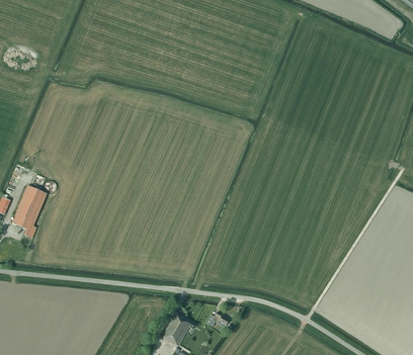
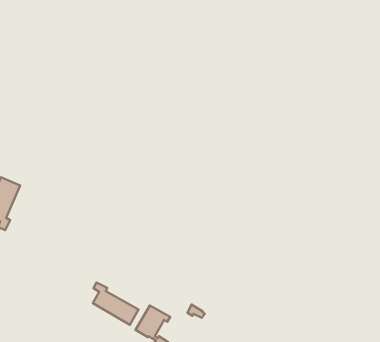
building: none -> [93,282,138,325]

